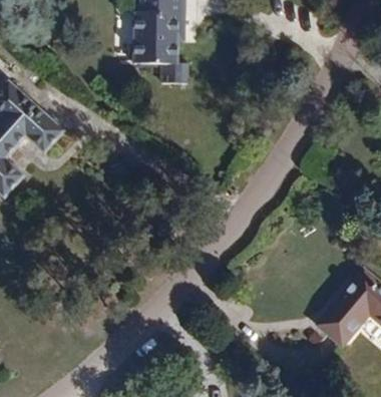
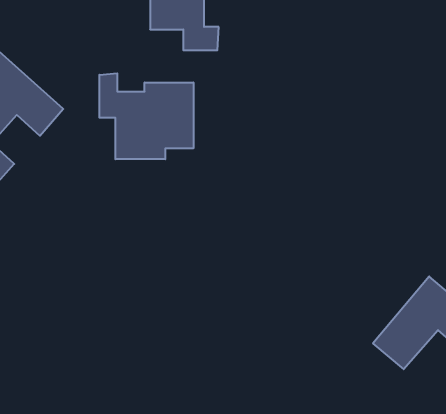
building: none -> [99,73,193,159]

